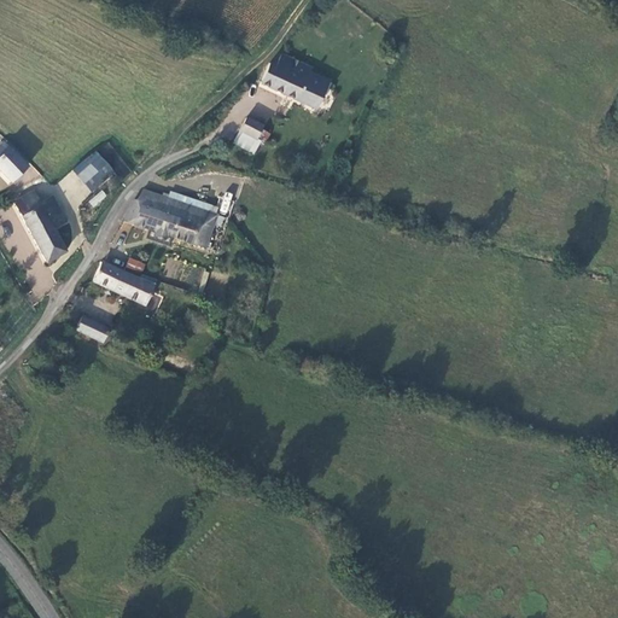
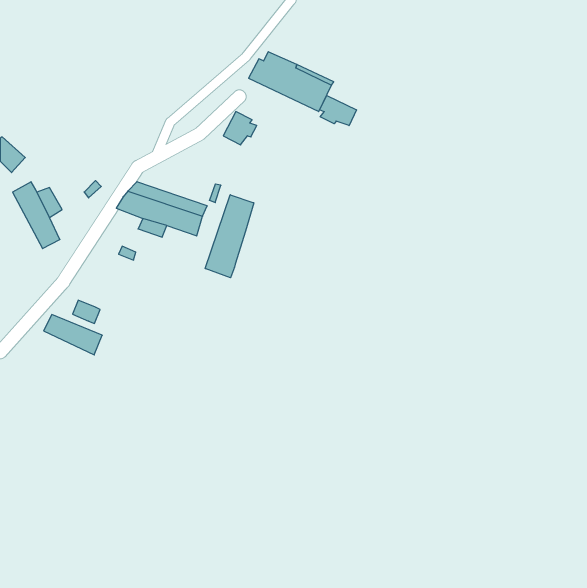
building: none -> [320,96,356,126]
building: [77,154,113,190] -> none
building: none -> [205,195,254,278]
building: [93,262,154,304] -> [44,315,102,355]

